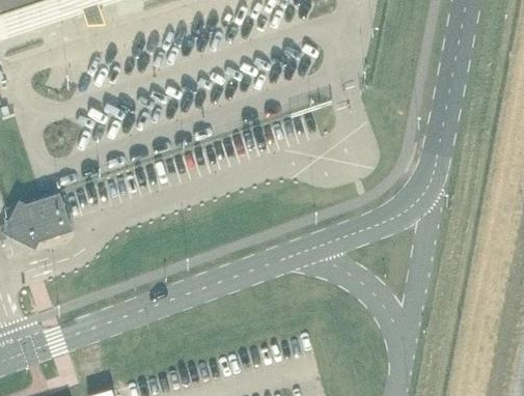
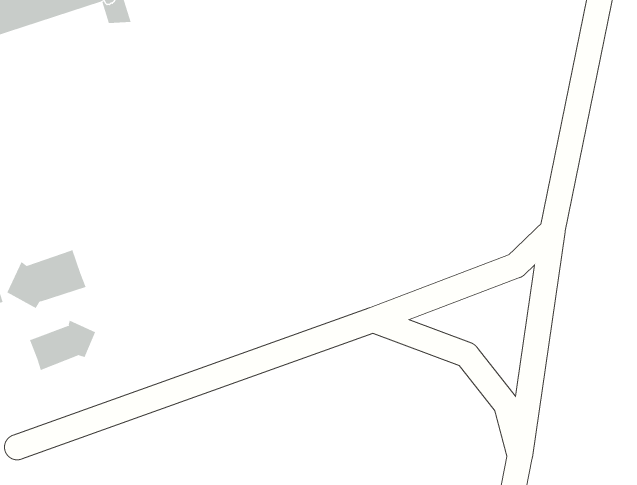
building: none -> [29,320,96,371]

